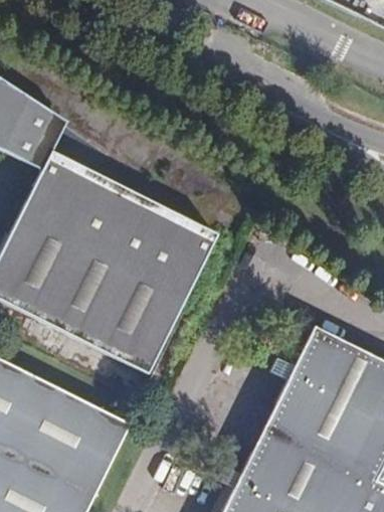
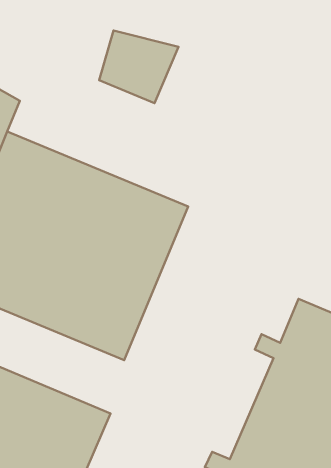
building: none -> [99,31,178,103]

